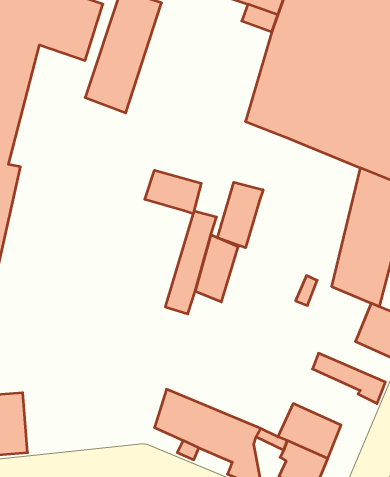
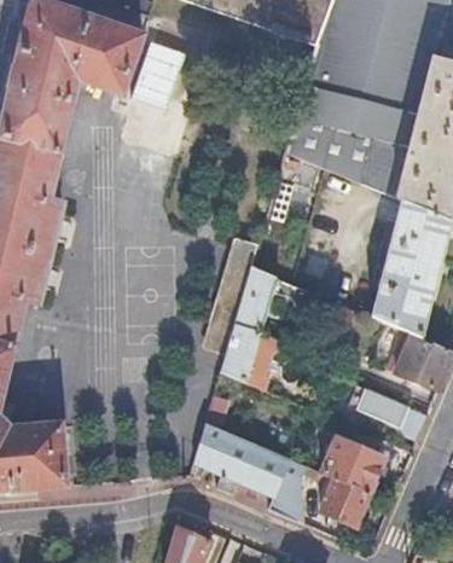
building: [145,170,201,214] -> none
building: [218,182,263,248] -> none
building: none -> [220,324,278,388]

